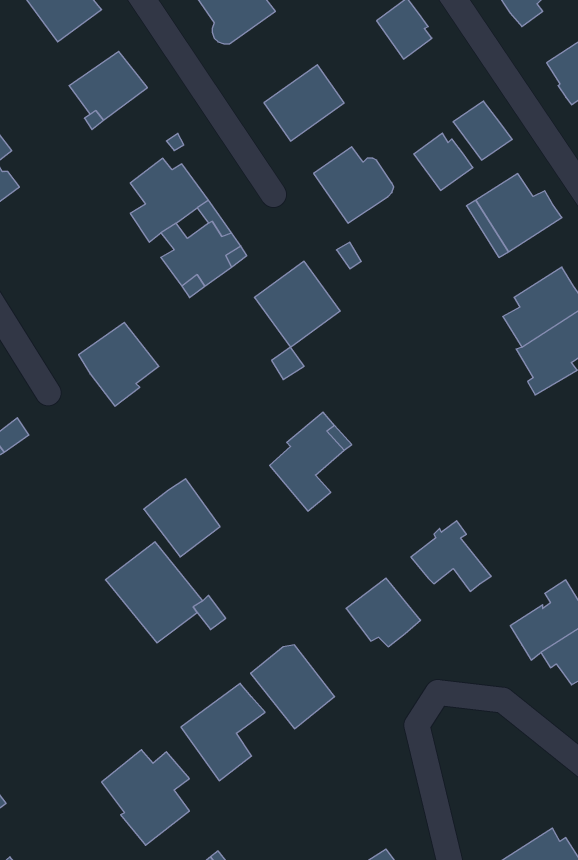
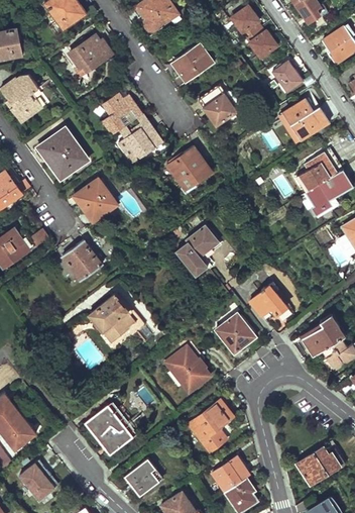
building: [414,133,473,190] -> [245,28,276,59]
building: none -> [41,129,85,180]
building: [144,479,220,557] -> [62,240,102,282]
building: [181,683,265,781] -> [189,401,233,452]

